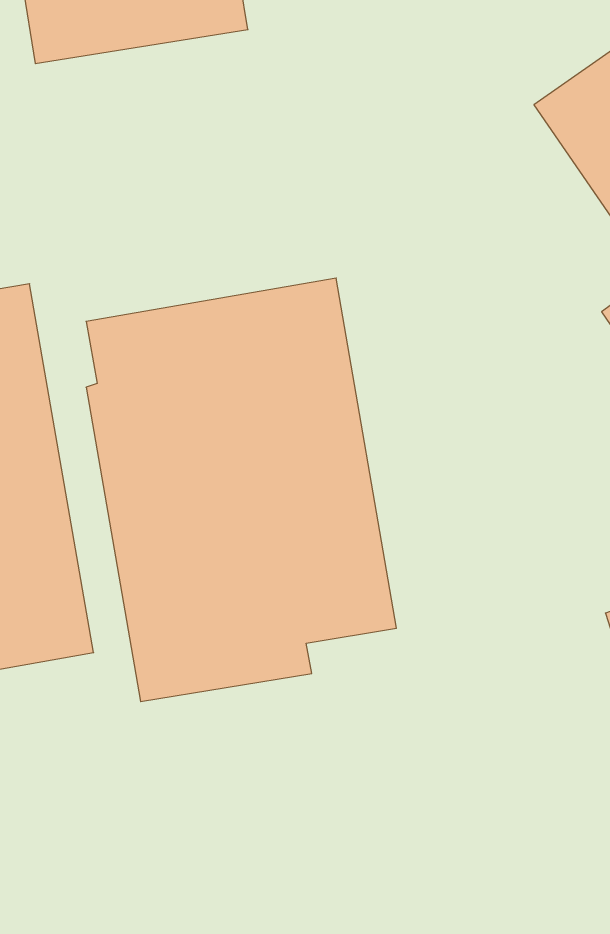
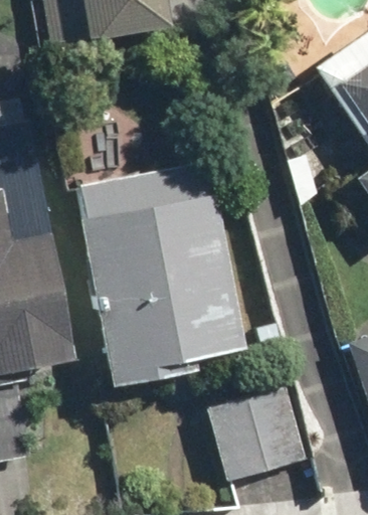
building: none -> [199,386,305,482]

